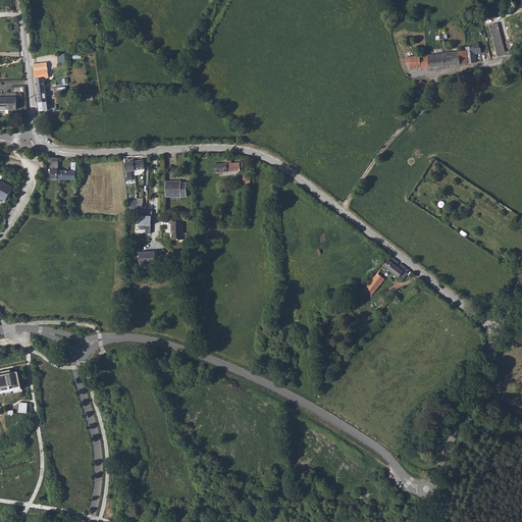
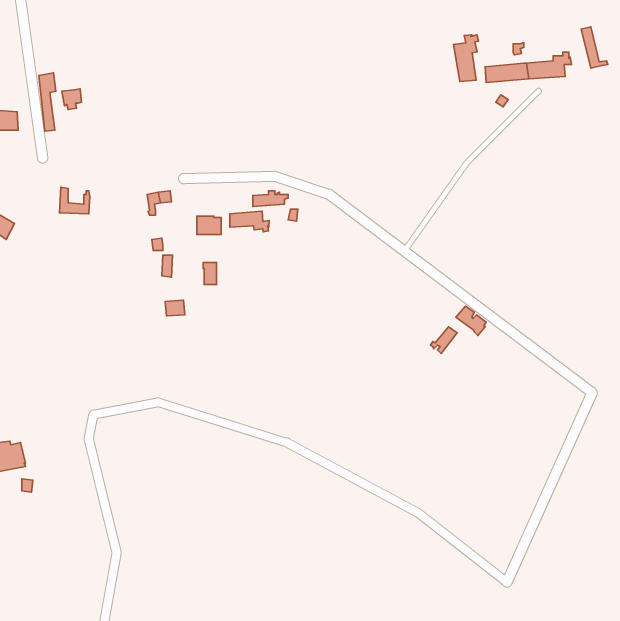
building: none -> [453,35,478,82]
building: none -> [230,211,269,232]

